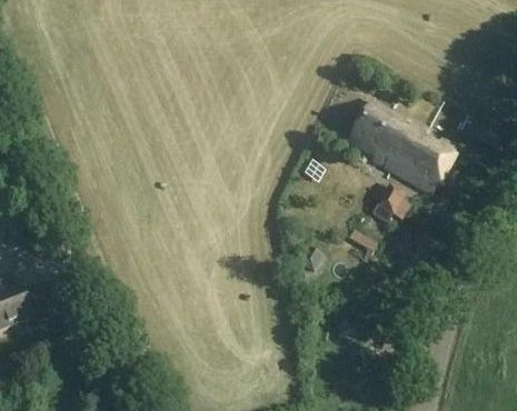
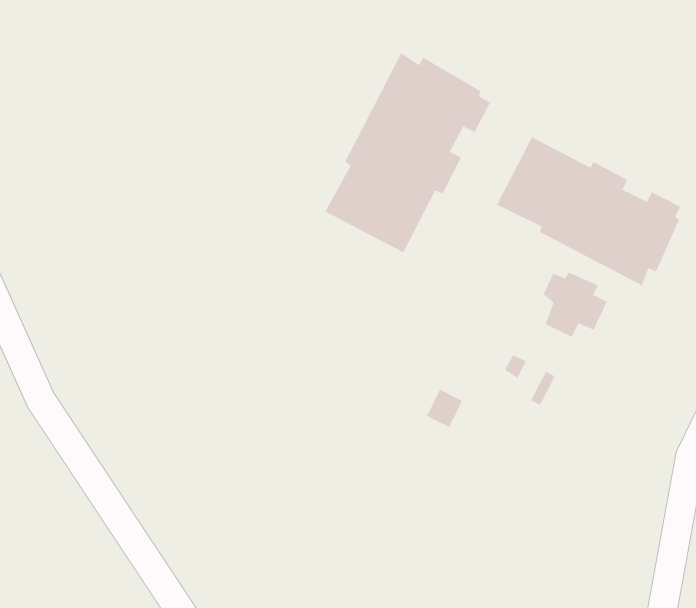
building: none -> [324,52,491,253]

